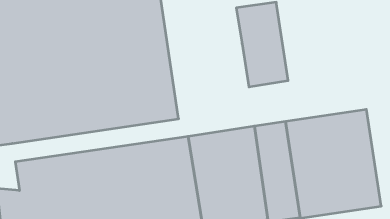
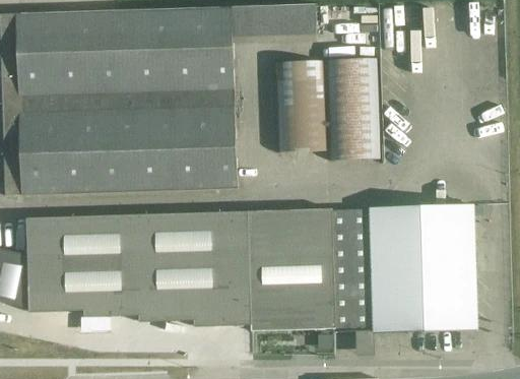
building: none -> [274,59,327,152]

